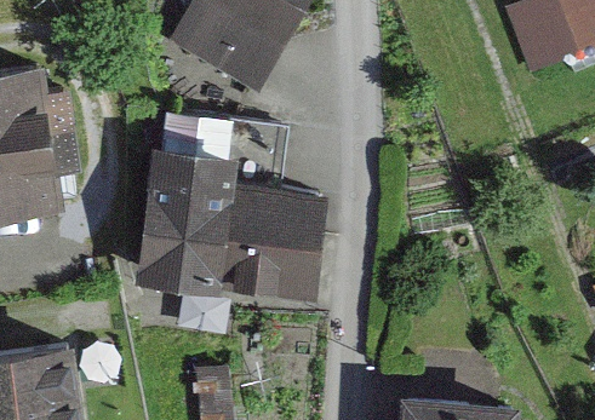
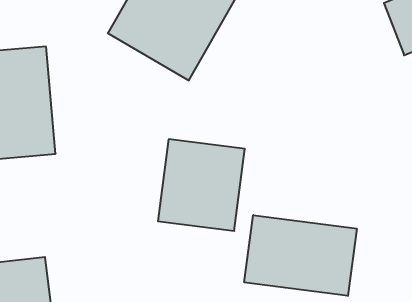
building: [133,140,235,287] -> none
building: none -> [244,215,357,296]

